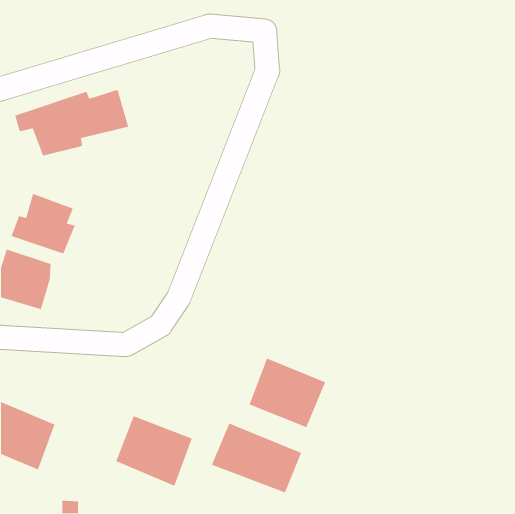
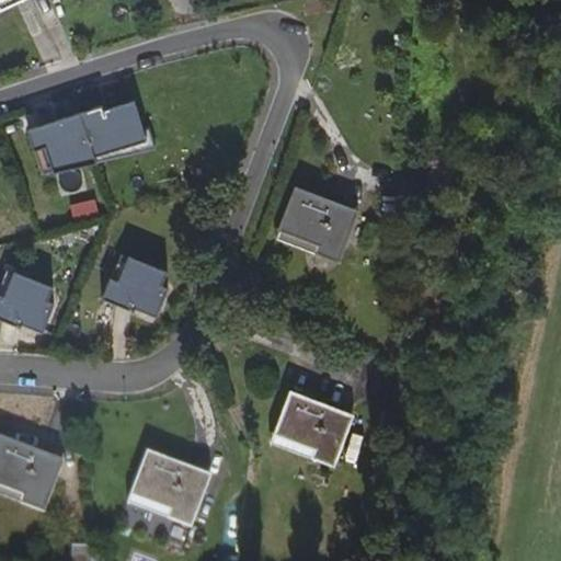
building: none -> [275,185,358,261]
building: [10,193,76,255] -> [102,253,173,320]
building: [211,423,302,494] -> none

